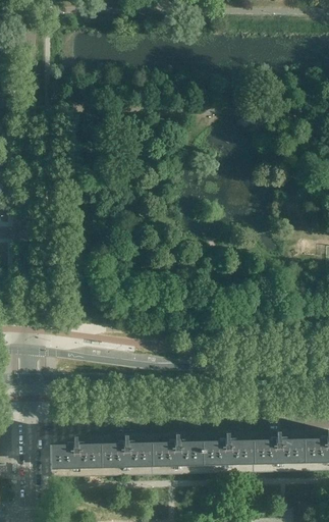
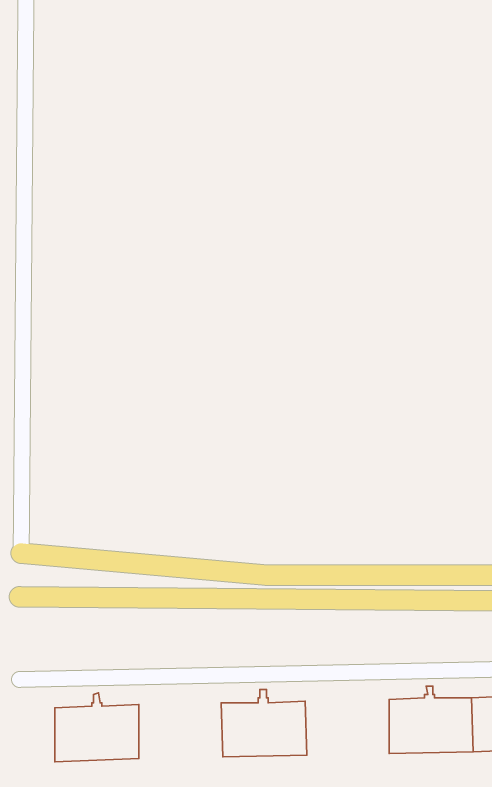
building: [203,430,254,471] -> none
building: [102,432,153,473] -> none

